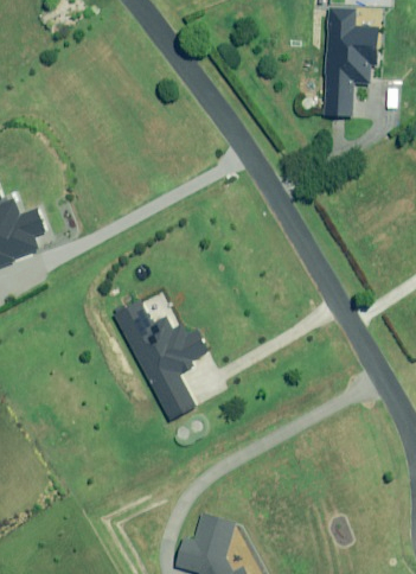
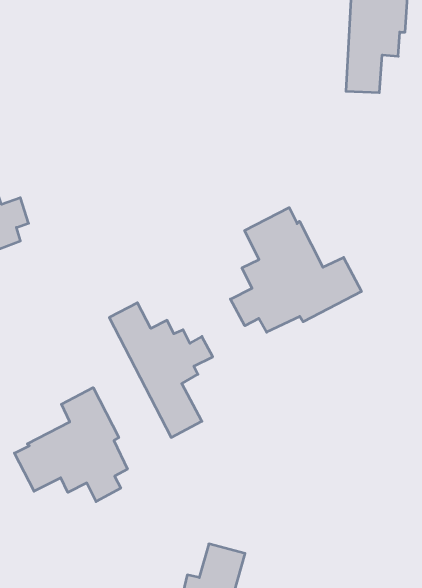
building: none -> [230,208,361,332]
building: none -> [14,388,127,502]

